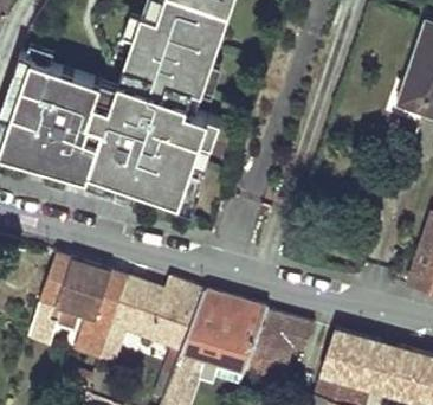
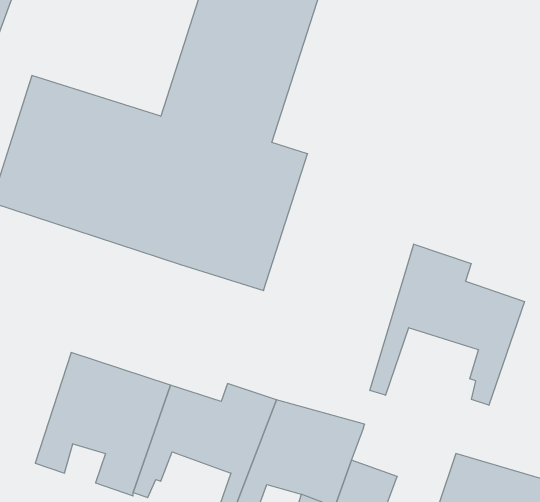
building: none -> [370,244,524,405]
building: [258,313,314,351] -> none

